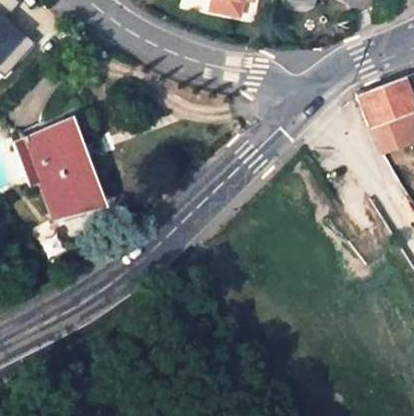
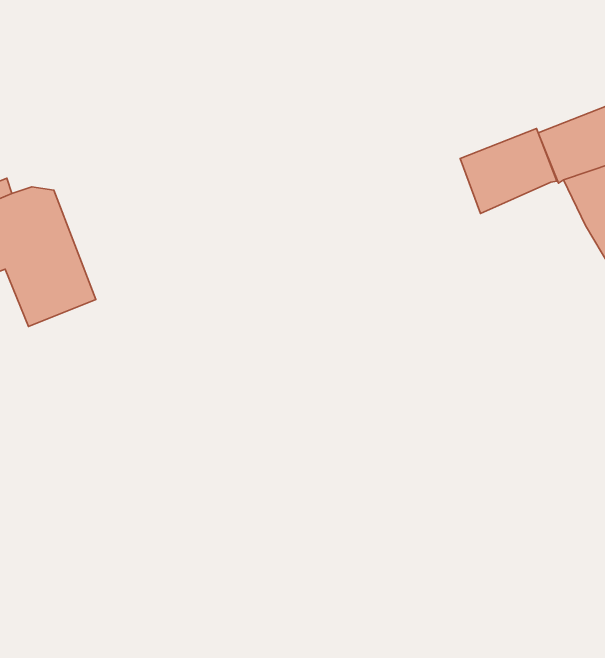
building: none -> [460,128,557,214]

